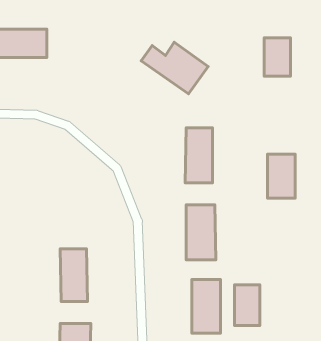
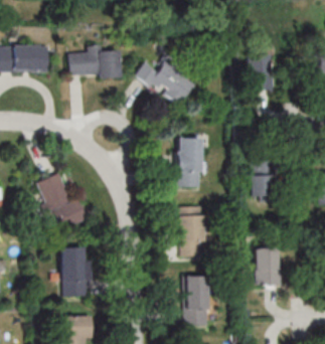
building: none -> [70,46,123,76]
building: none -> [35,171,86,230]
building: [235,285,260,325] -> [257,247,280,285]

